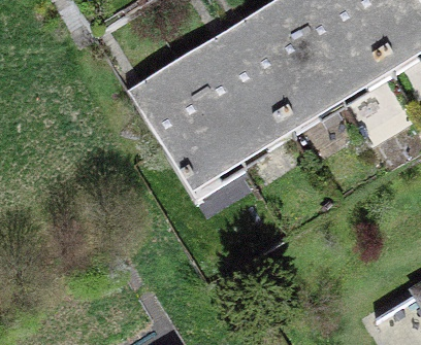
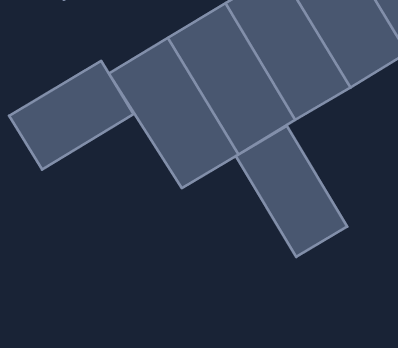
building: none -> [9,61,133,170]
building: none -> [236,126,347,257]

